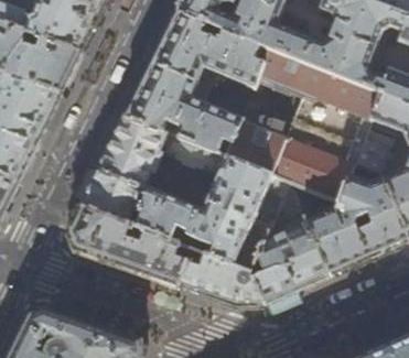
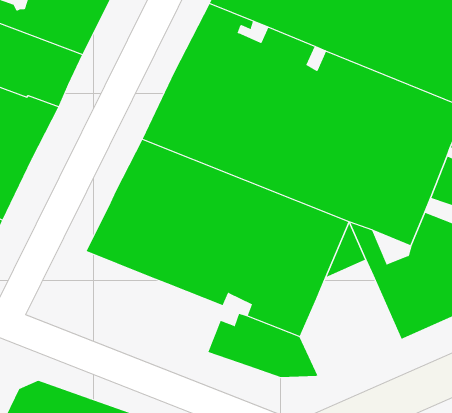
building: [68,206,191,285] -> none
building: [250,225,330,304] -> none

